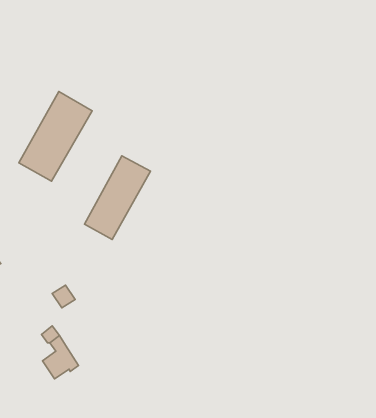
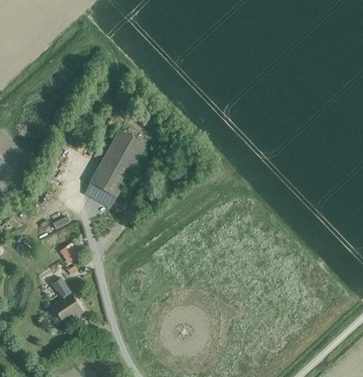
building: [19,91,92,181] -> none

